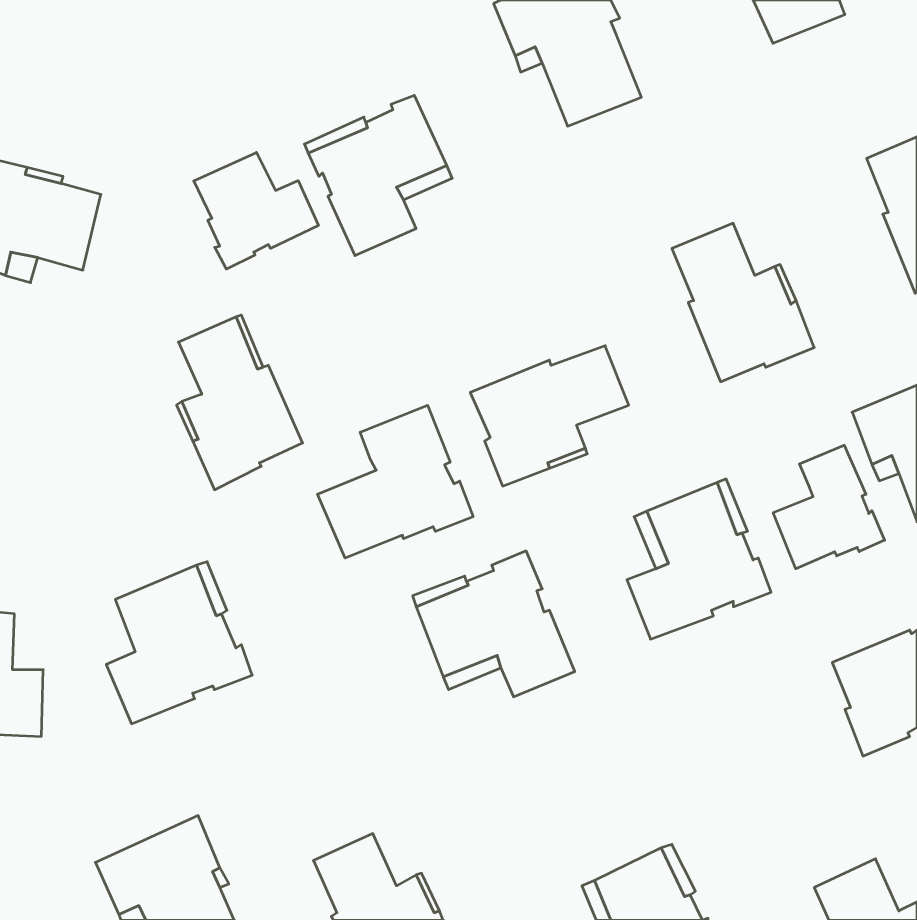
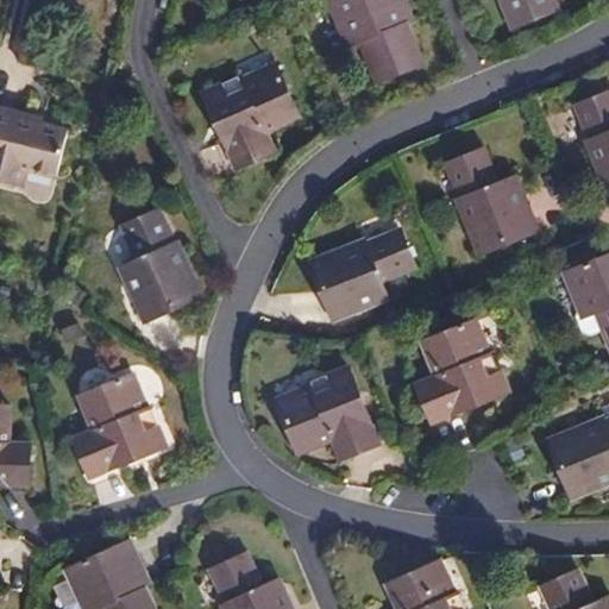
building: [194,152,318,269] -> none
building: [318,405,473,558] -> none
building: [773,445,885,569] -> none

